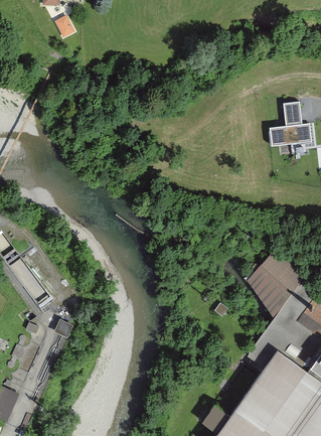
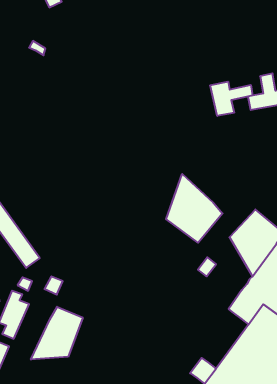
building: none -> [210,82,252,116]
building: none -> [166,174,223,243]
building: none -> [31,307,83,360]

